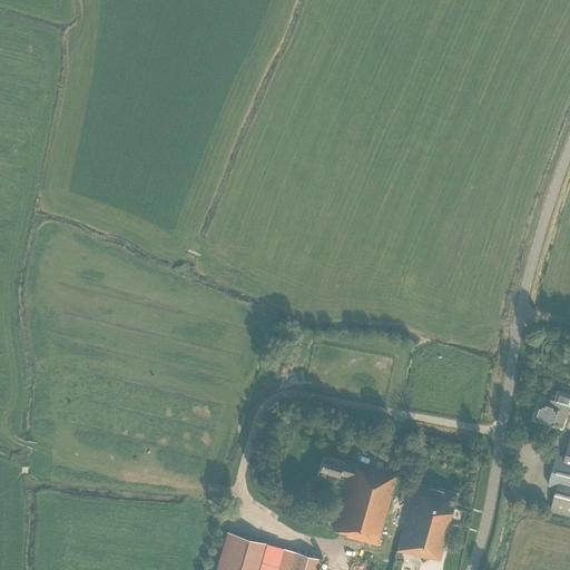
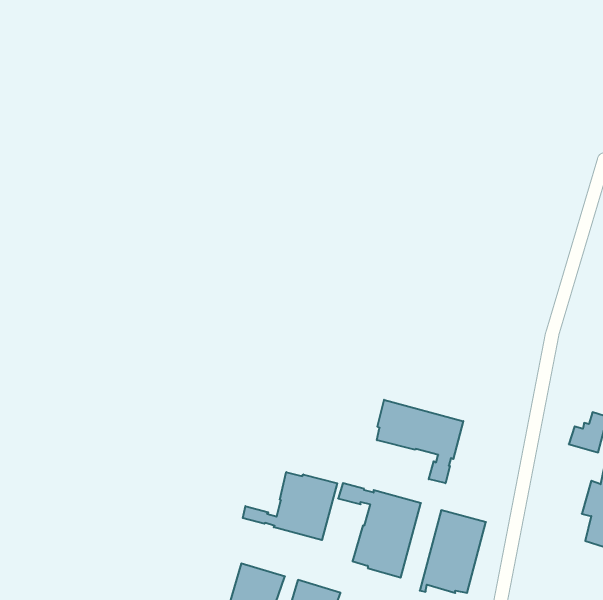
building: none -> [377,400,463,483]
building: none -> [243,472,337,540]

